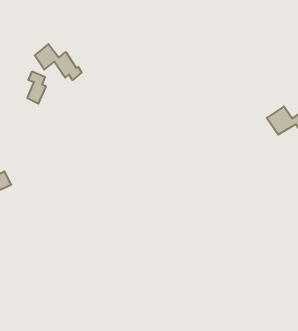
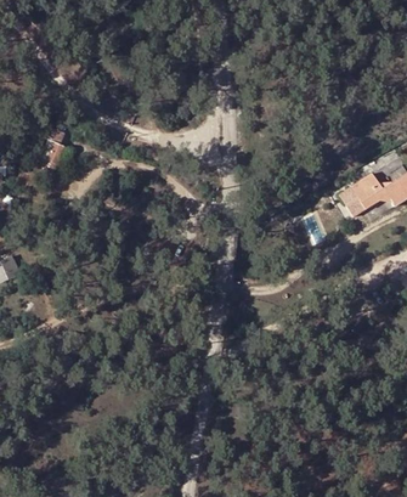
building: [35,44,82,80] -> none

